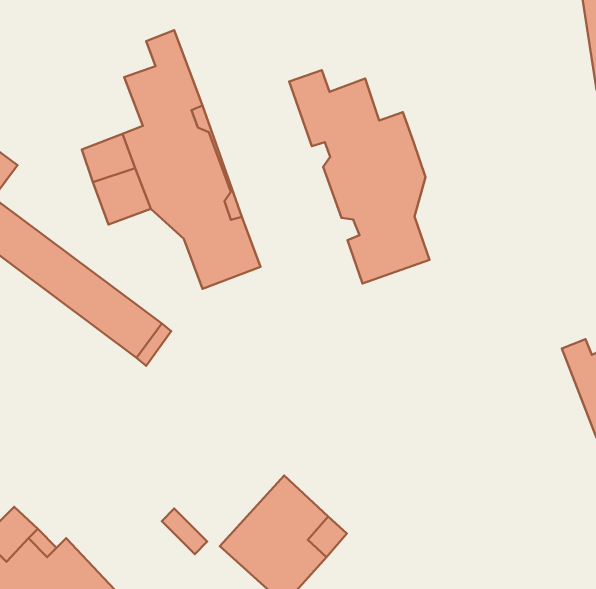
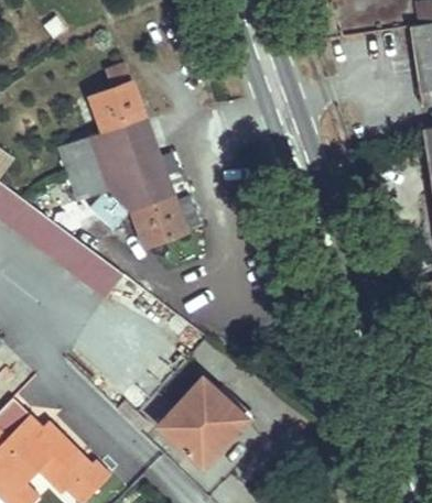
building: [289,70,430,283] -> none

